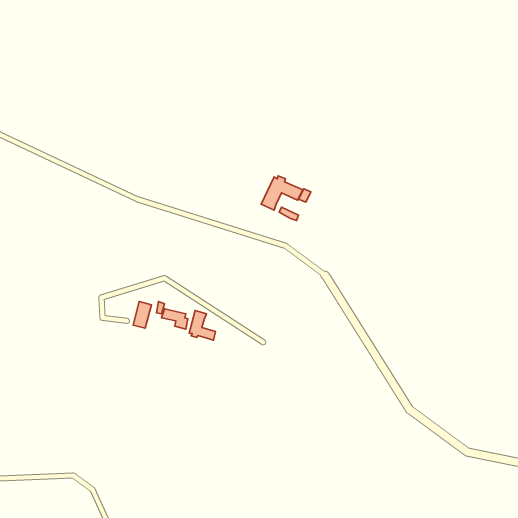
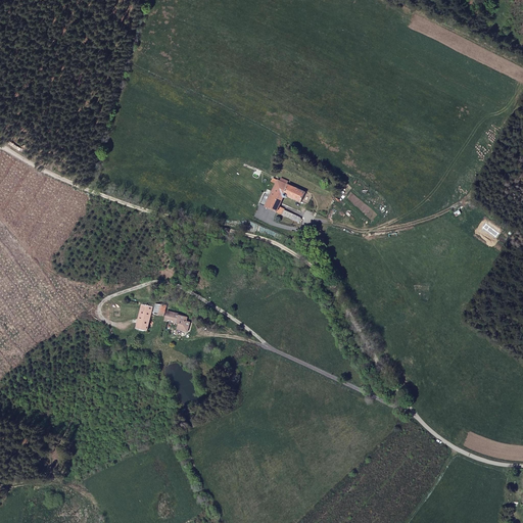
building: [189,311,216,340] -> none

